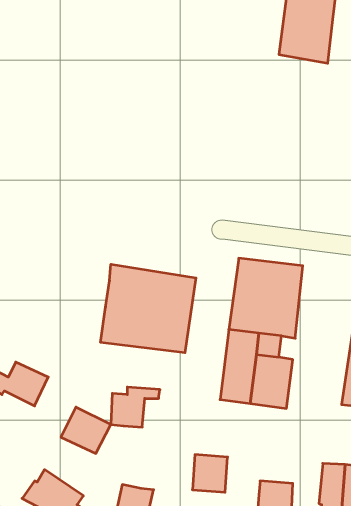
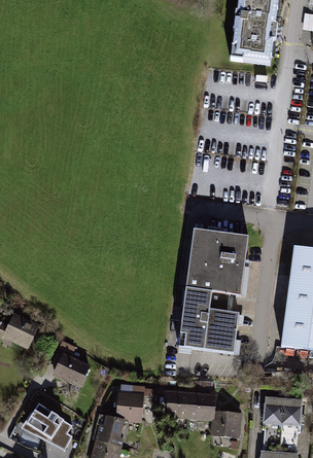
building: [101,264,196,353] -> none
building: [111,387,160,427] -> [116,386,156,419]
building: none -> [185,391,215,422]

